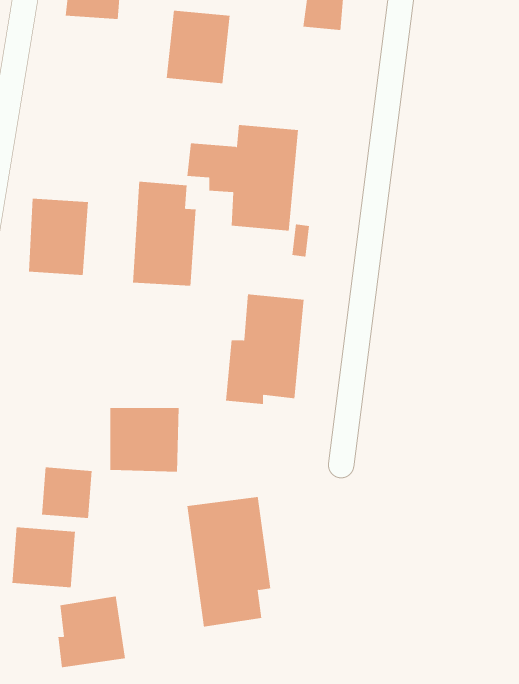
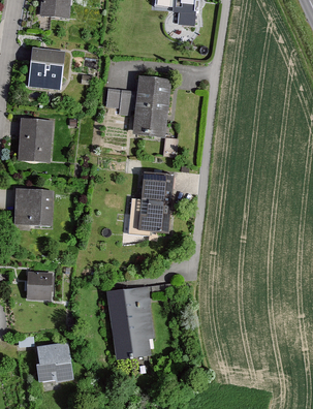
building: [166,10,230,84] -> [27,48,63,89]
building: [132,181,196,286] -> none
building: [110,408,180,472] -> [14,190,54,226]
building: [12,527,76,588] -> none

